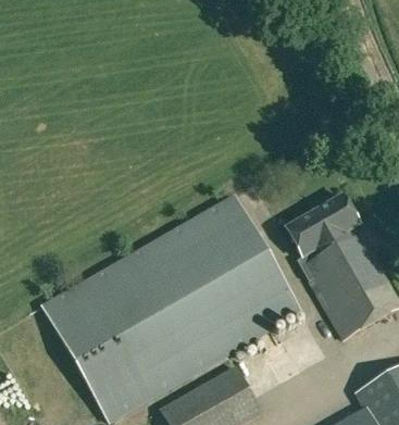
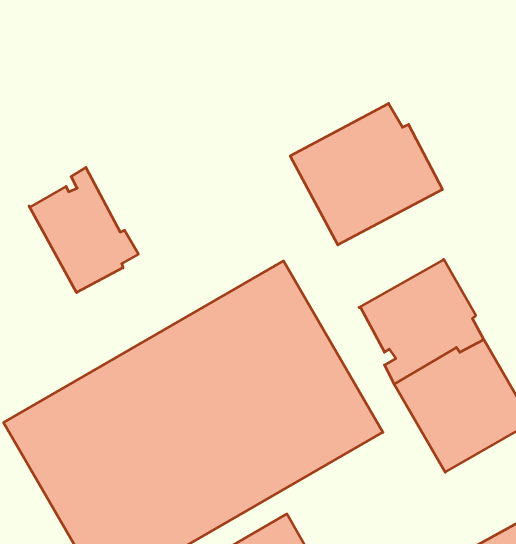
building: none -> [290,103,442,245]
building: none -> [29,167,138,293]

